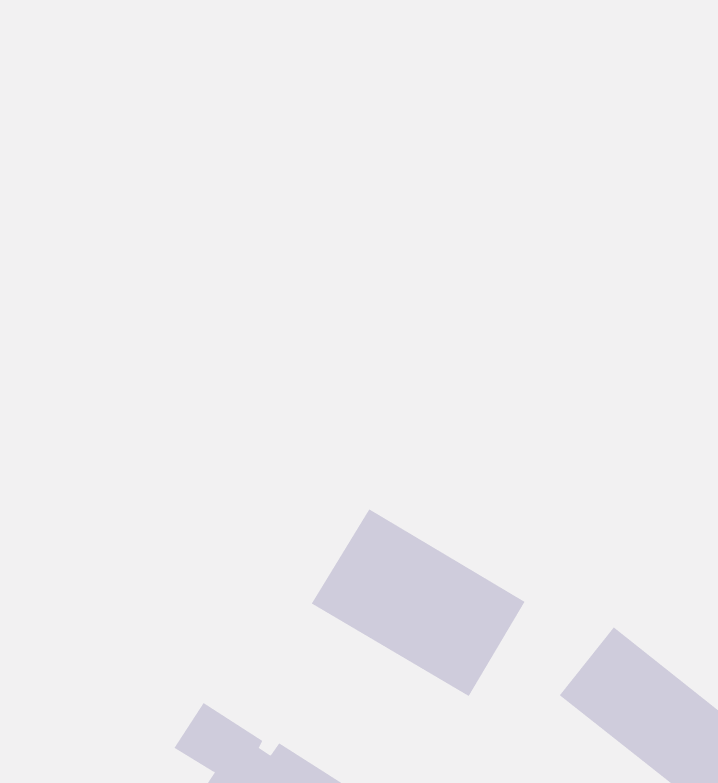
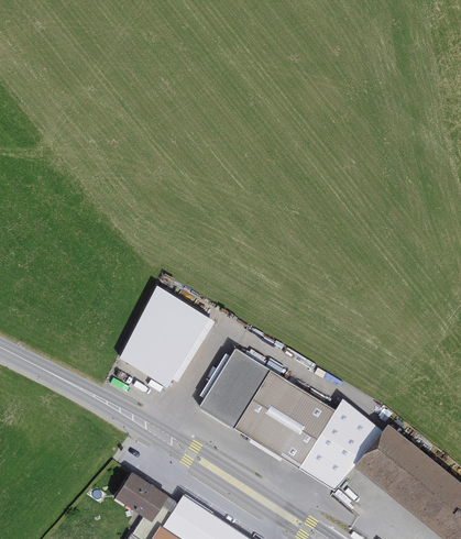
building: none -> [116,288,209,388]
building: none -> [300,397,380,490]

